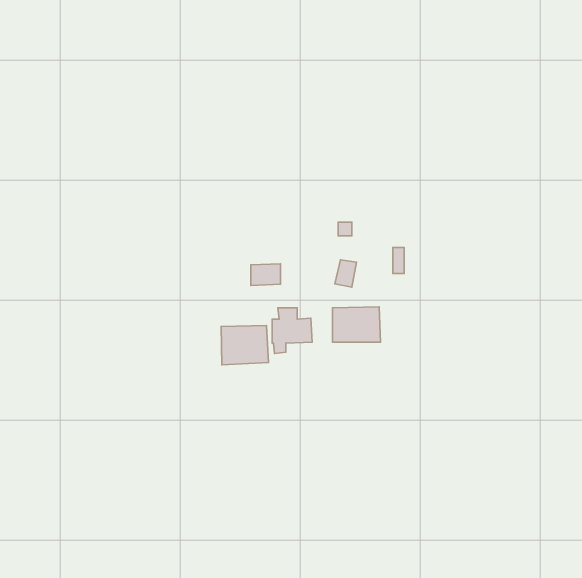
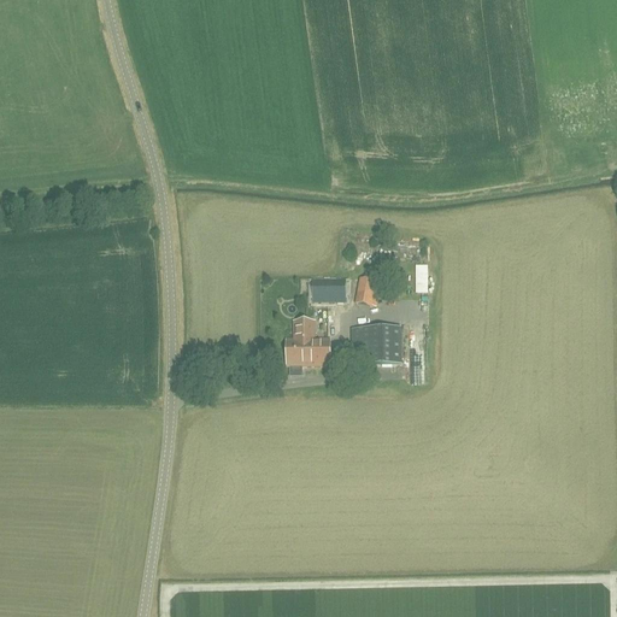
building: [251,264,280,285] -> [313,277,345,300]
building: [221,326,268,365] -> none

